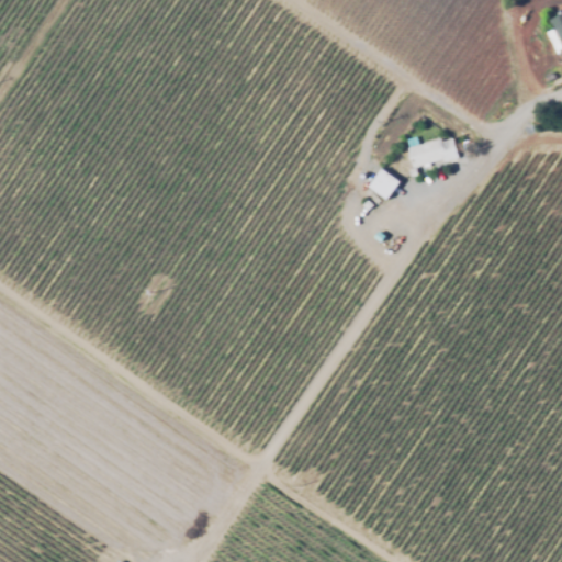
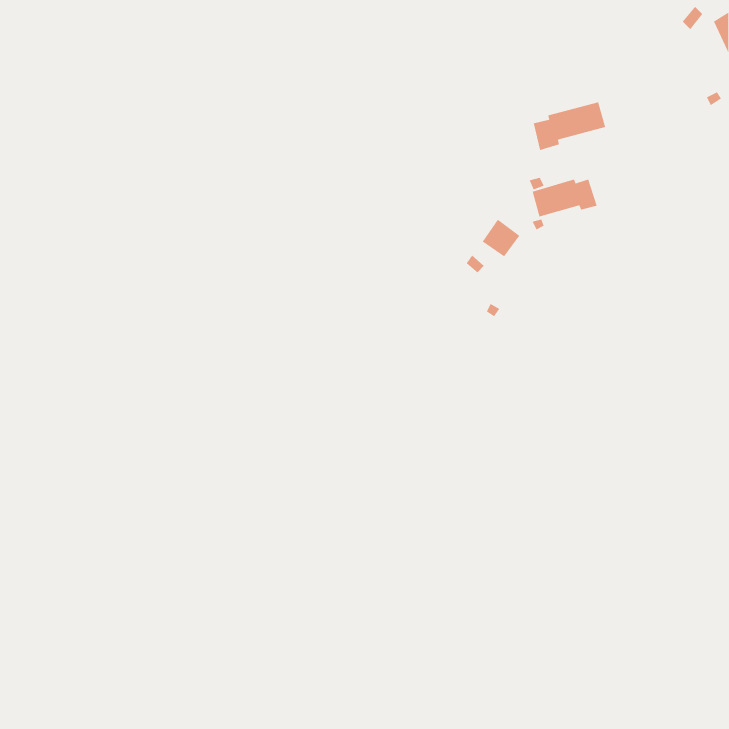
building: none -> [533,102,606,151]

